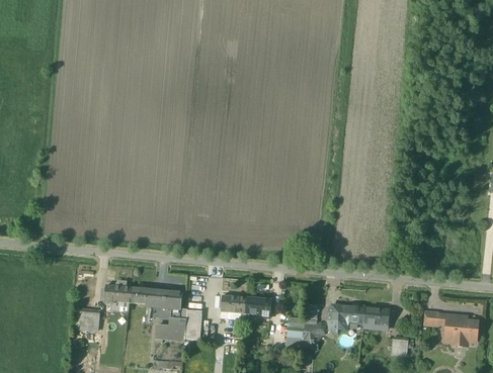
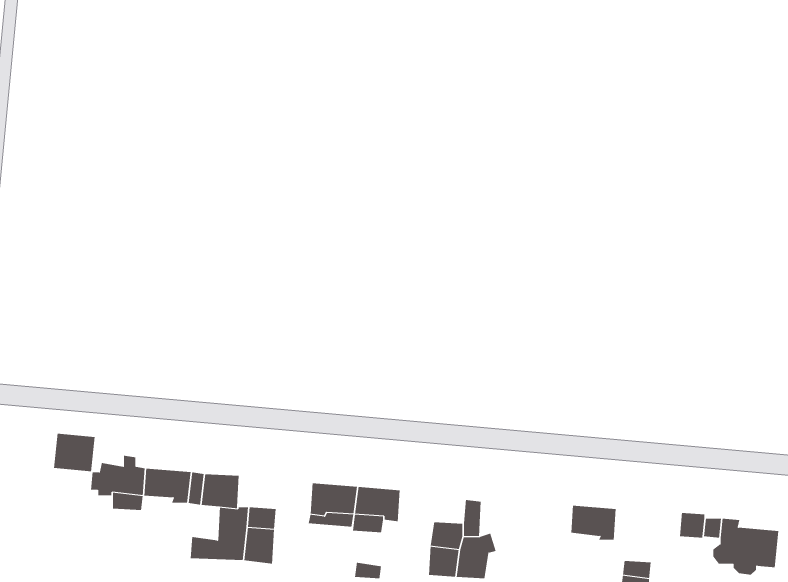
building: [328,304,364,331] -> none
building: [76,309,99,331] -> [53,433,96,472]

